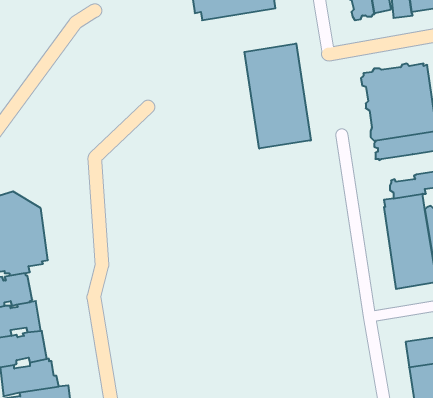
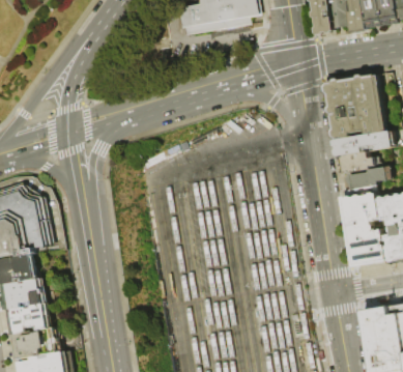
building: [244,43,311,149] -> none
building: none -> [339,150,374,172]

